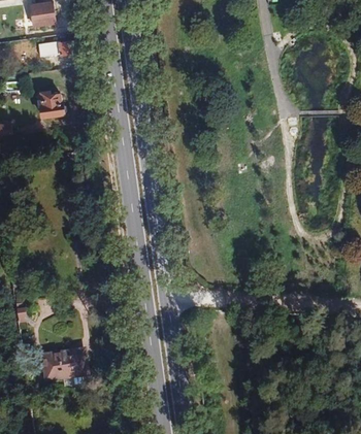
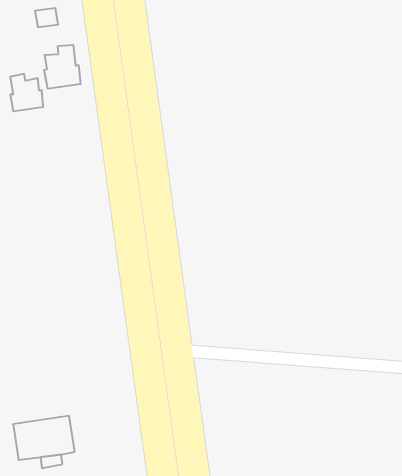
building: none -> [44,45,80,89]

